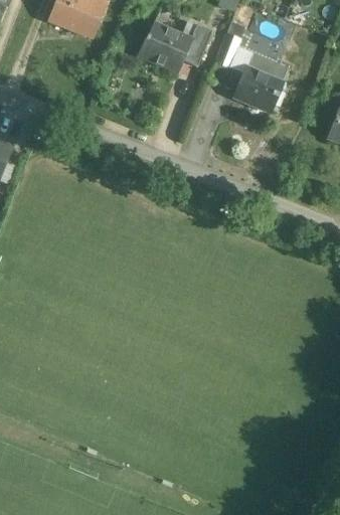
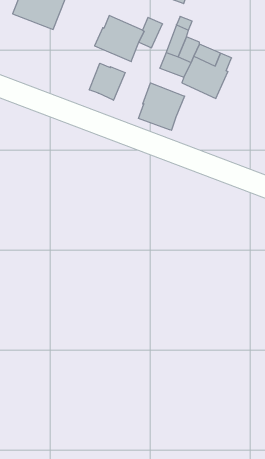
building: none -> [89,63,125,100]
building: none -> [138,83,185,130]

